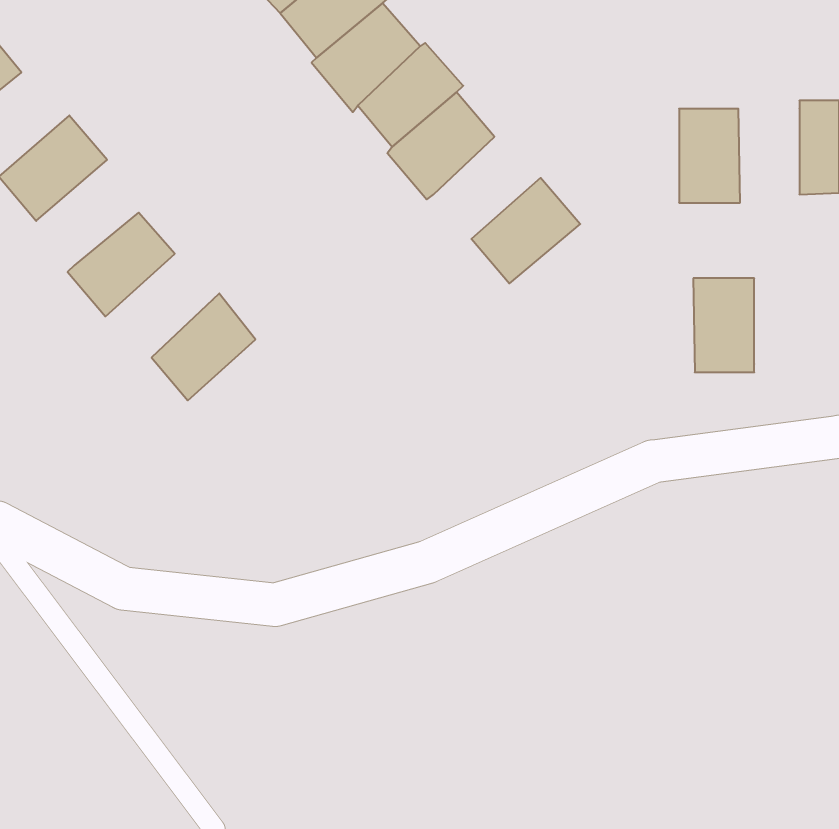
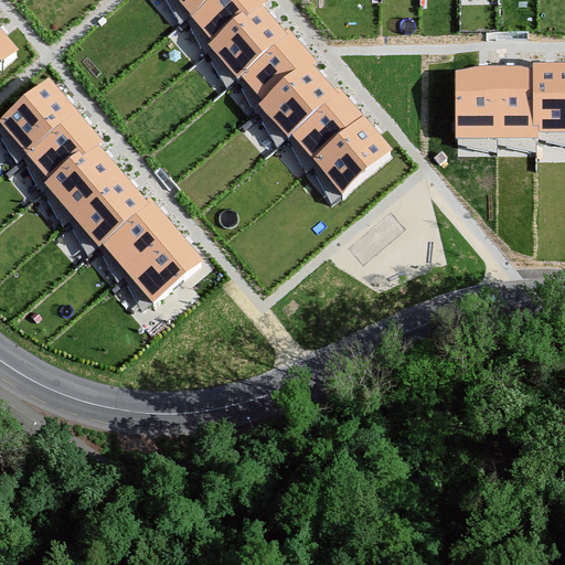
building: none -> [290,88,362,160]
building: none -> [24,107,97,178]
building: none -> [71,170,142,243]
building: [693,278,754,372] -> [494,73,535,136]
building: none -> [126,227,198,297]

